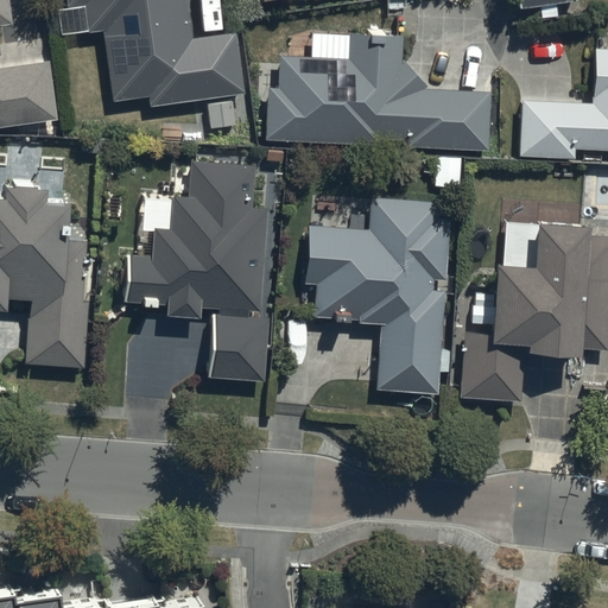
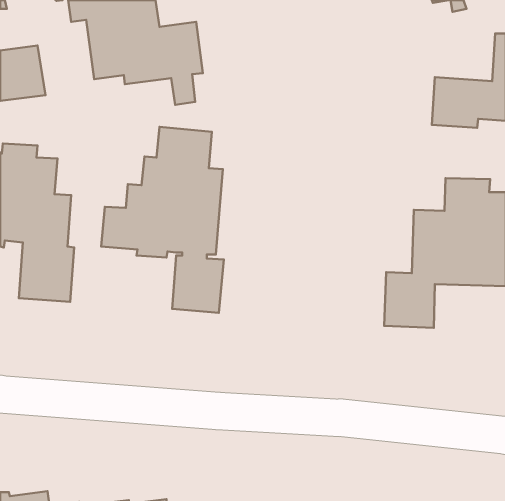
building: [266,28,492,151] -> none
building: [305,198,450,395] -> none

